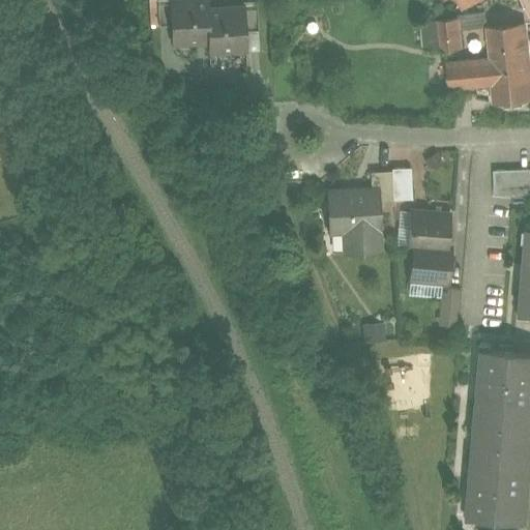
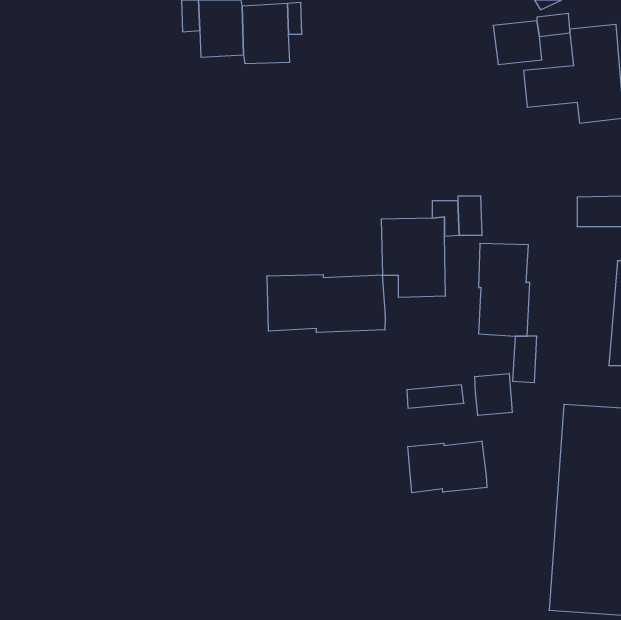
building: none -> [267,275,385,333]
building: none -> [475,373,512,416]
building: none -> [408,441,487,493]

